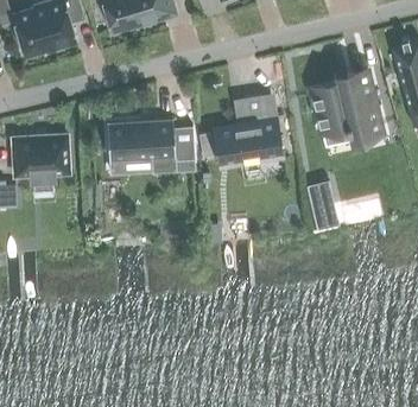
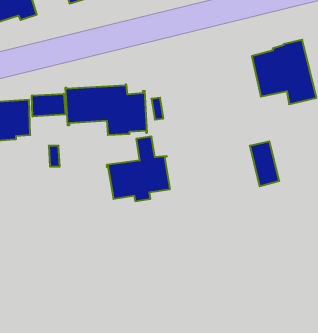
building: [213,95,281,165] -> [107,137,170,201]
building: none -> [32,94,65,117]

